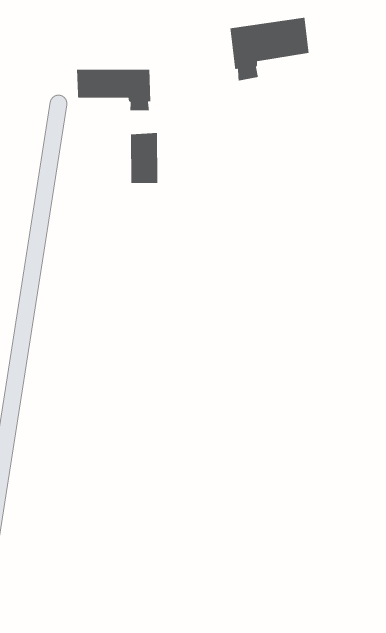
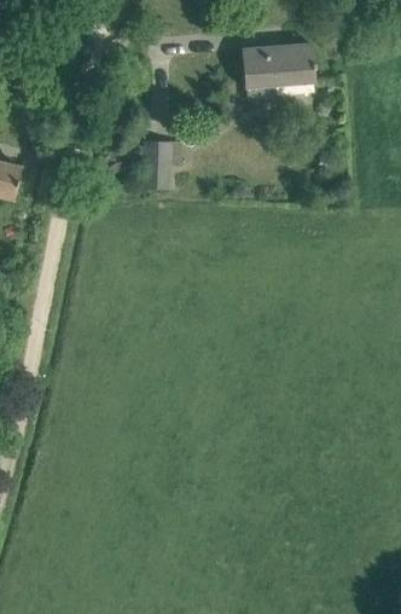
building: [76,69,151,111] -> none

